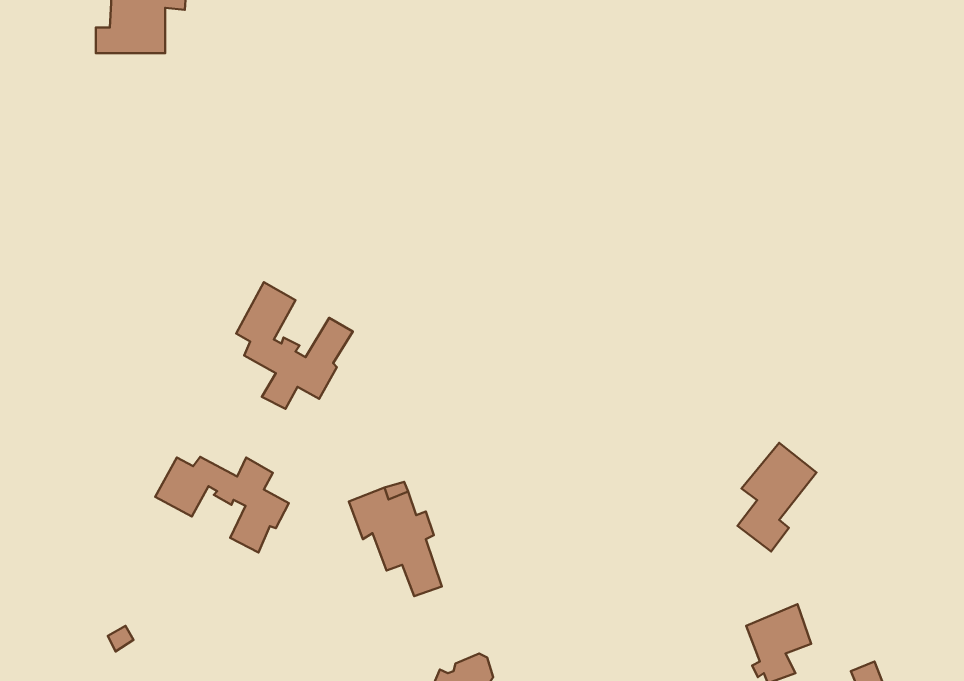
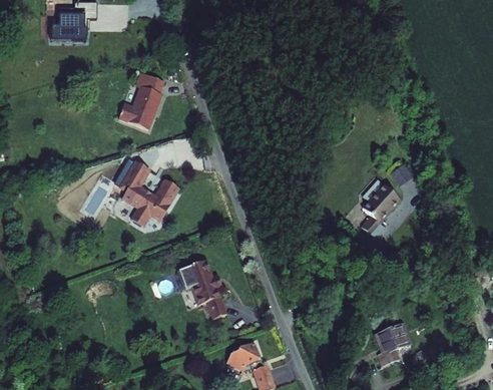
building: none -> [120,73,164,127]
building: [738,443,817,552] -> [354,183,394,239]
building: [155,457,289,553] -> none

